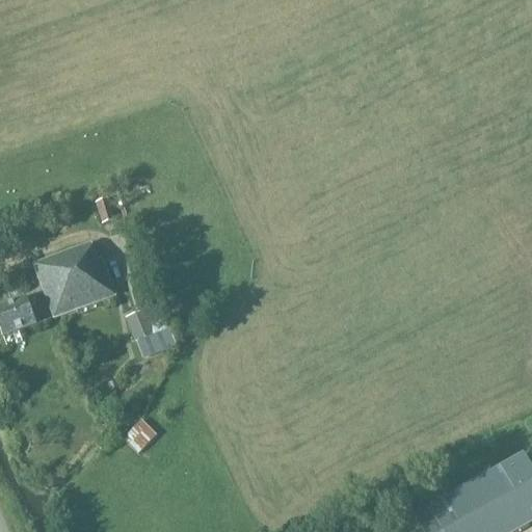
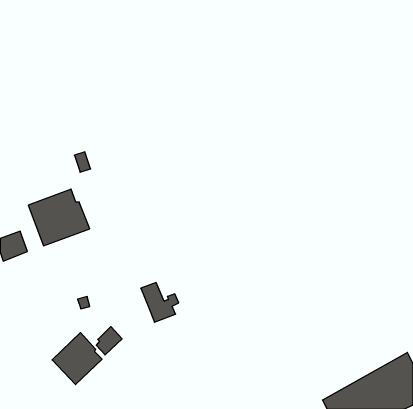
building: [126,308,175,358] -> [141,283,179,322]
building: none -> [52,333,102,385]

